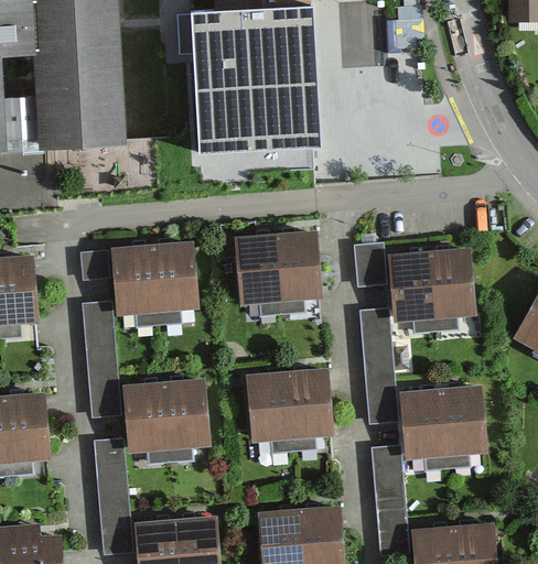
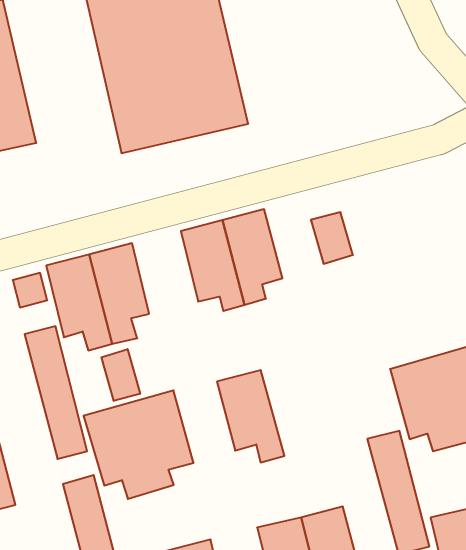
building: [390,249,474,335] -> none
building: [359,310,396,425] -> none
building: none -> [101,349,140,401]
building: [287,368,332,452] -> none

